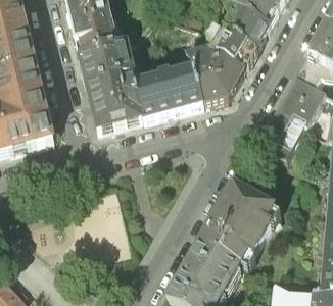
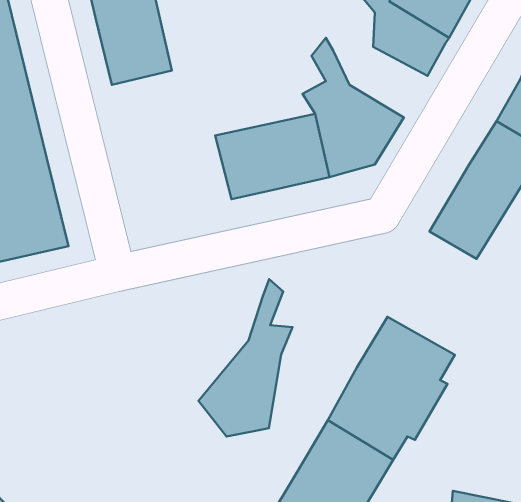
building: [203,30,256,69] -> none
building: [79,40,146,128] -> none
building: none -> [199,279,292,437]

